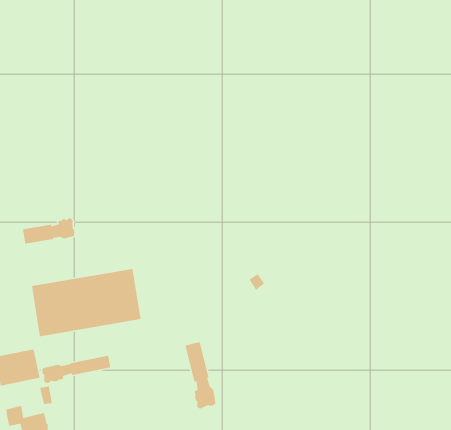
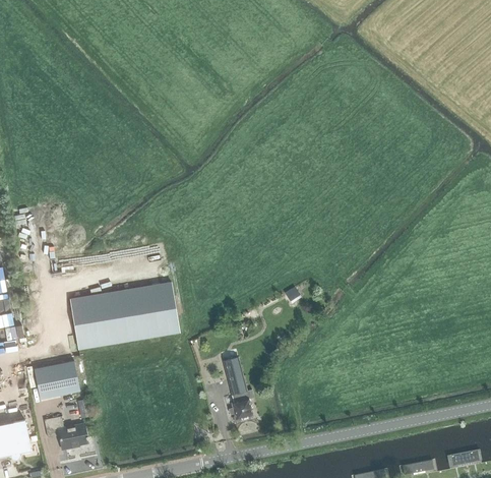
building: [22,217,75,244] -> none
building: [41,355,111,384] -> none

